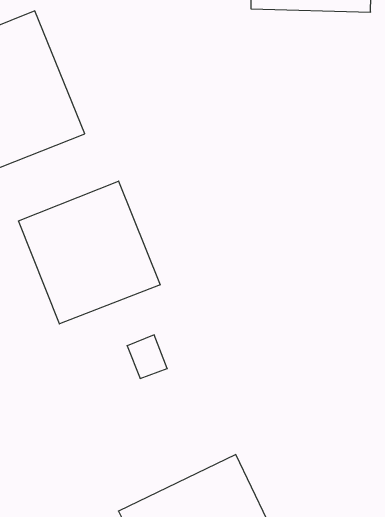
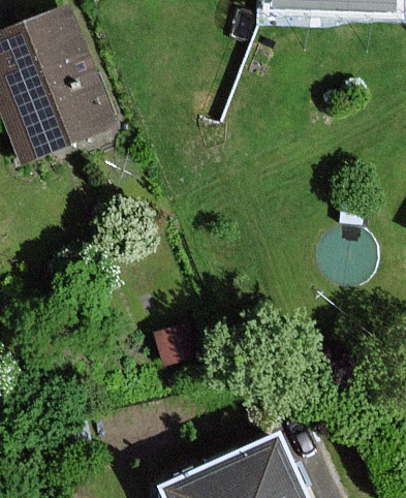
building: [18,181,160,324] -> none

